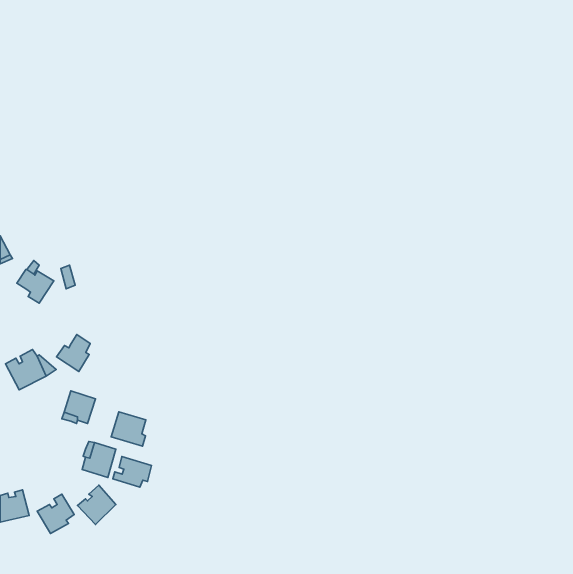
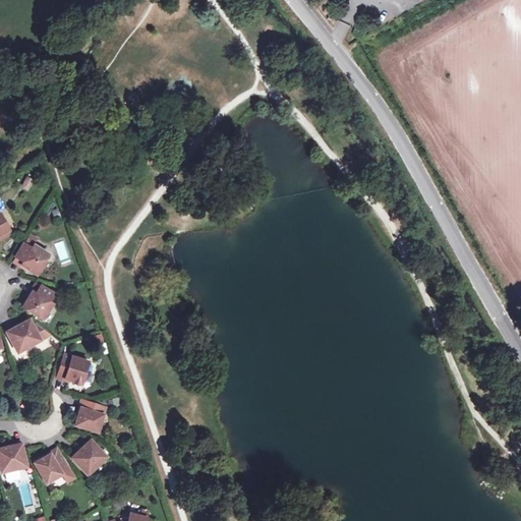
building: [56,334,90,371] -> [23,286,54,320]
building: [111,412,146,446] -> none
building: [113,456,152,487] -> none

